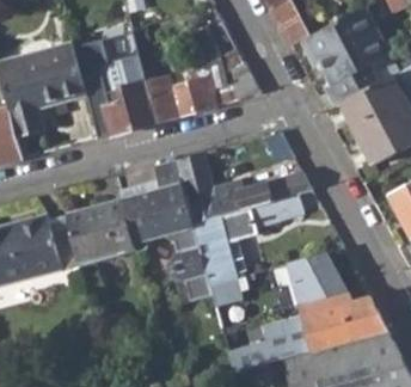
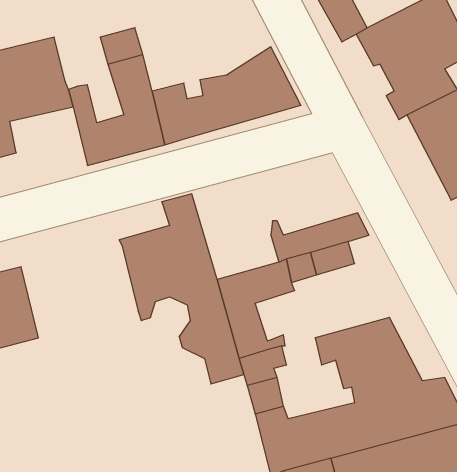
building: [177,154,243,225] -> none
building: [62,199,136,266] -> none

